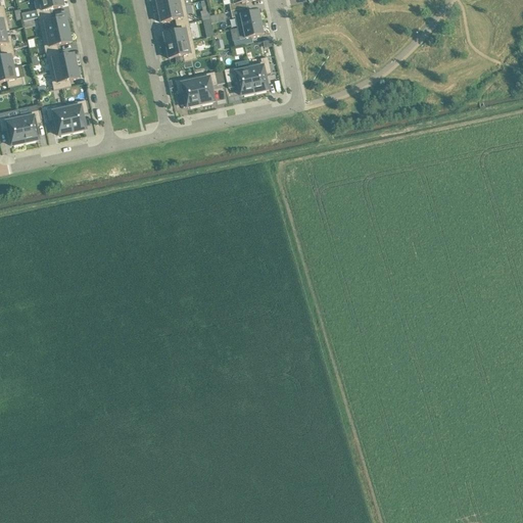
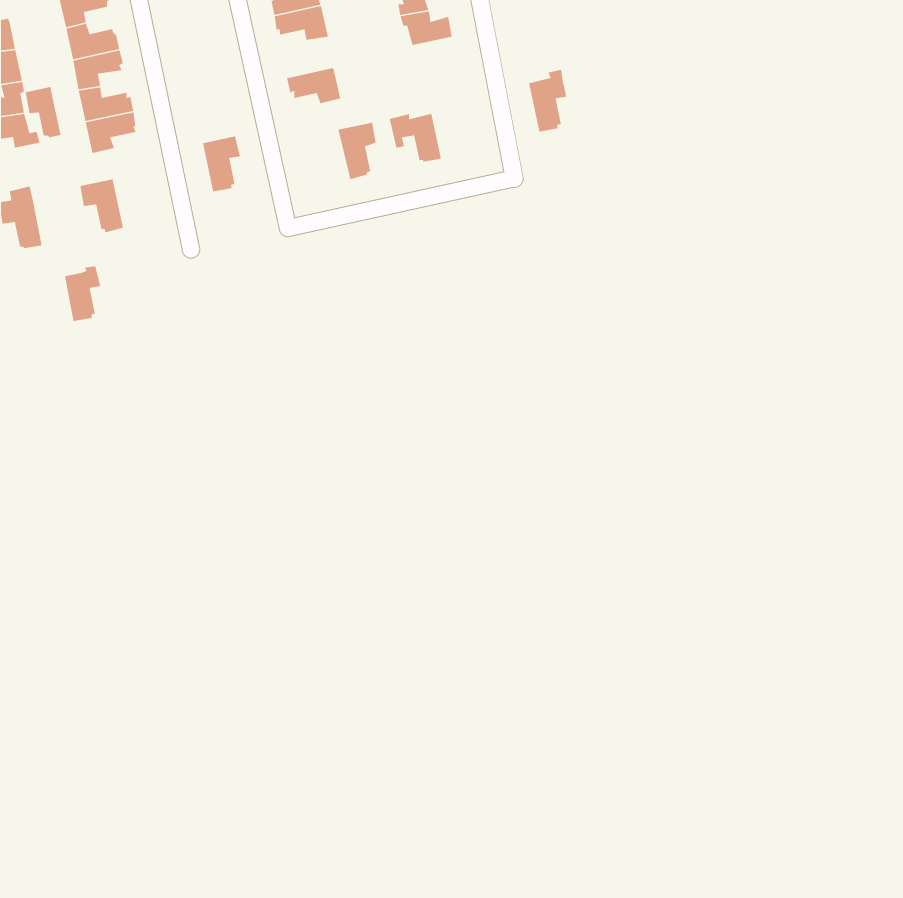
building: [163,21,193,45] -> none
building: [231,21,265,45] -> none
building: none -> [25,86,61,138]
building: [249,55,272,92] -> [528,69,567,132]
building: [176,75,202,106] -> none
building: [65,99,88,132] -> [202,136,241,192]
building: [19,109,41,142] -> [64,265,101,322]

